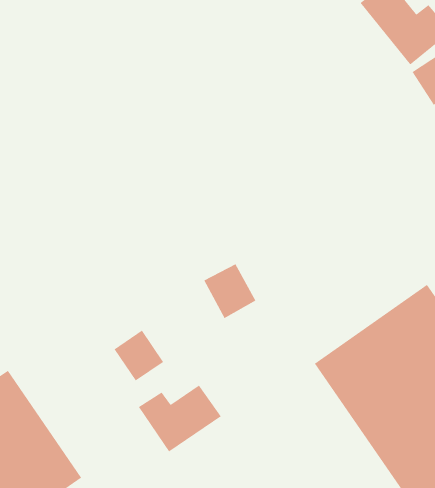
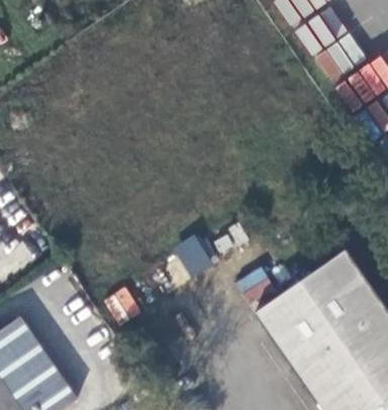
building: [138,384,222,453] -> none

